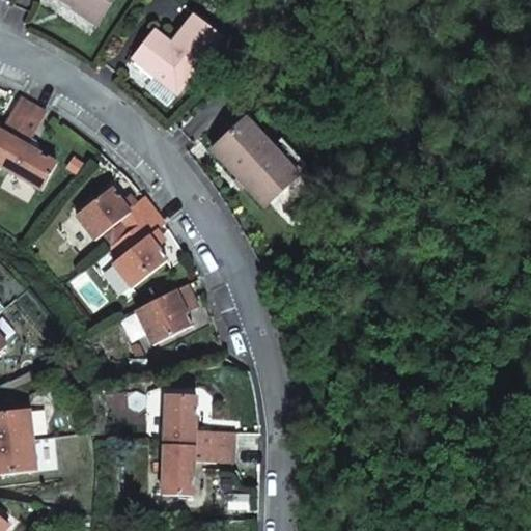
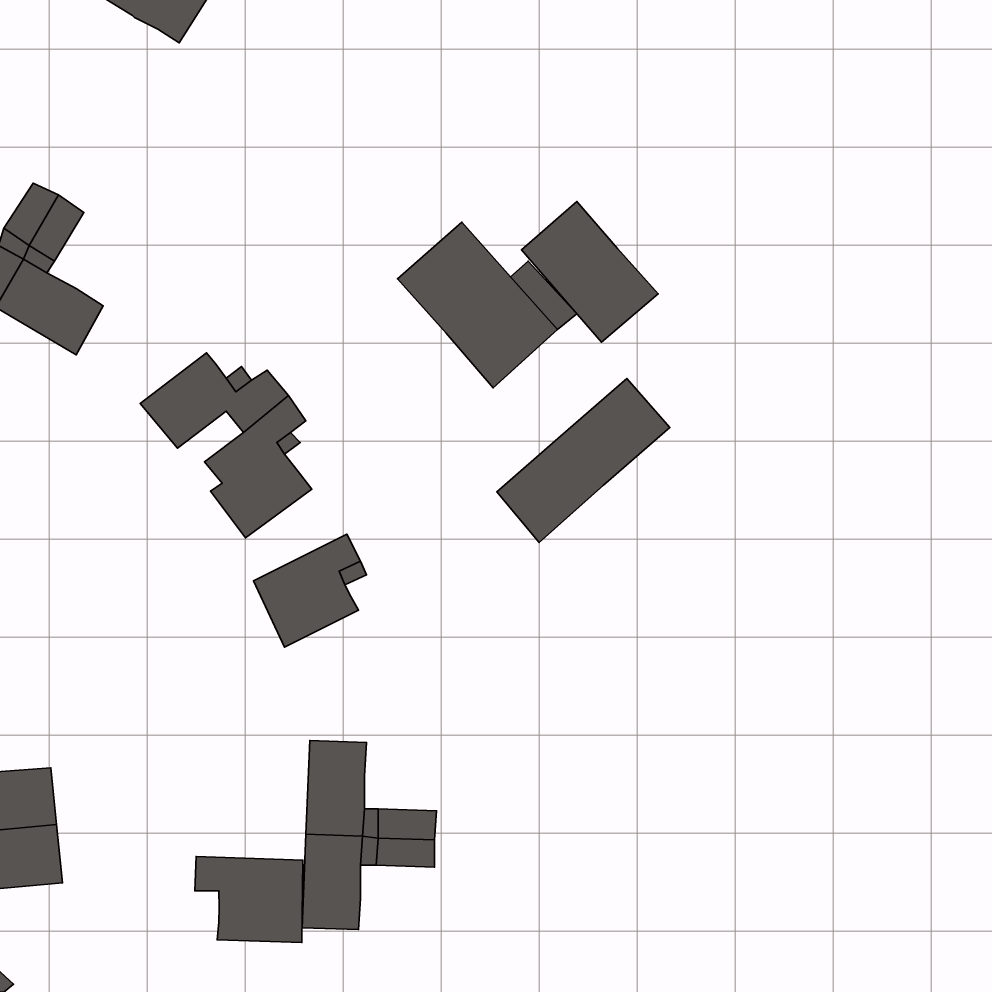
building: [134,18,218,94] -> none
building: none -> [522,201,658,342]
building: none -> [497,379,670,542]
building: none -> [195,857,303,943]

